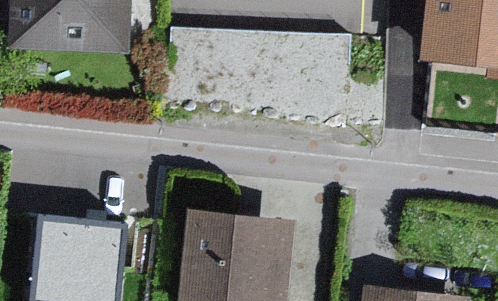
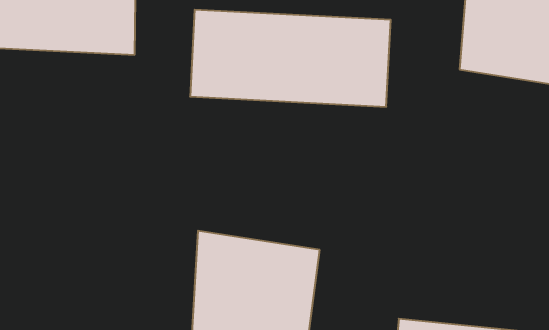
building: [41,209,127,292] -> none

